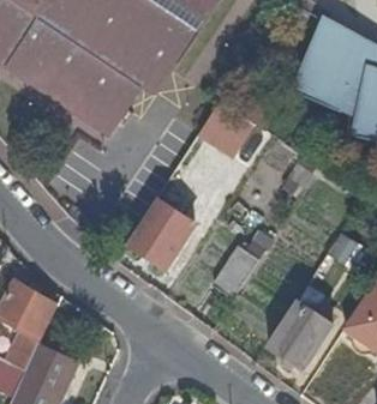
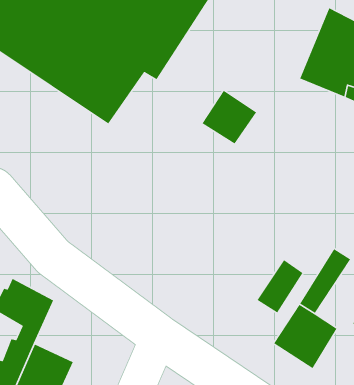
building: [127,199,193,267] -> none
building: [213,247,258,300] -> [257,259,304,314]

